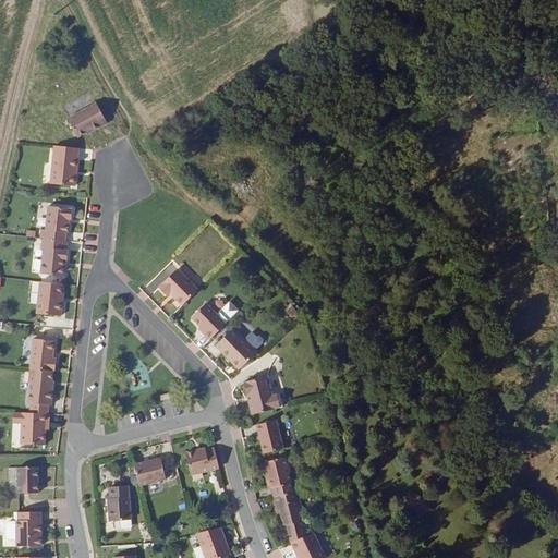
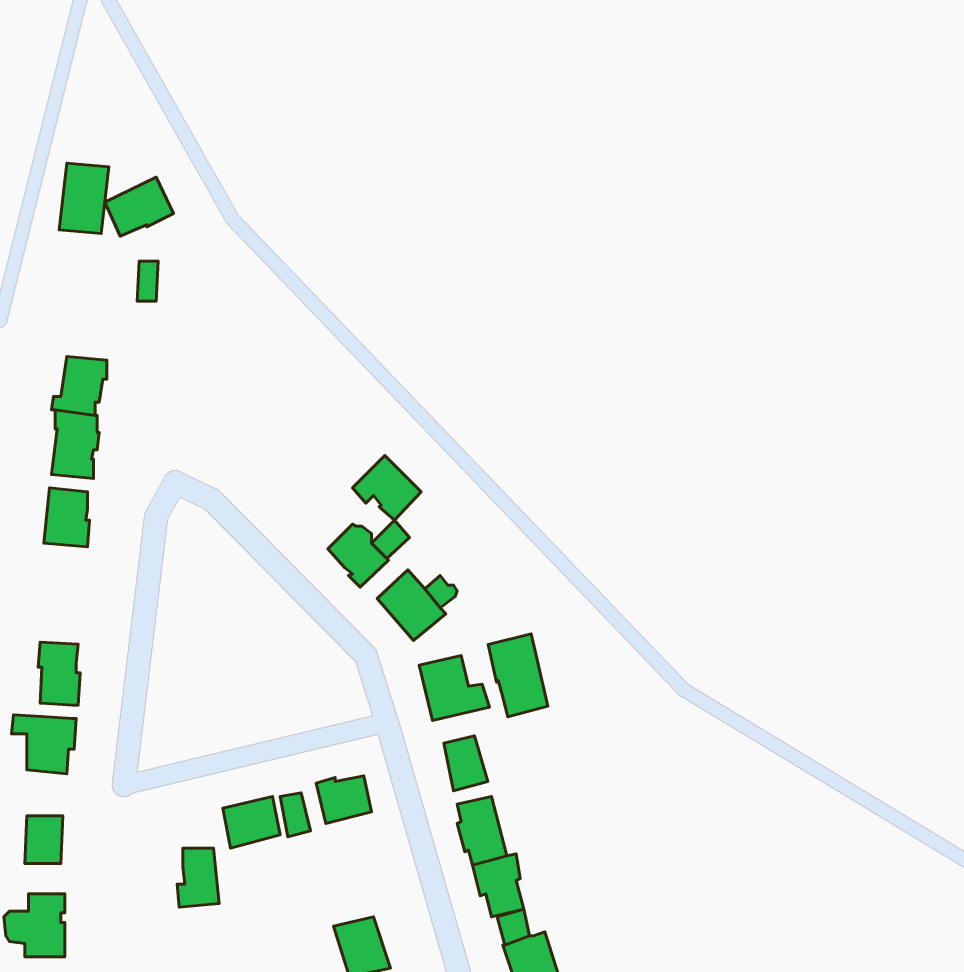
building: [45,145,73,185] -> [59,163,109,234]
building: [159,266,198,303] -> [352,456,421,520]
building: [28,339,52,371] -> none
building: none -> [488,634,548,717]

